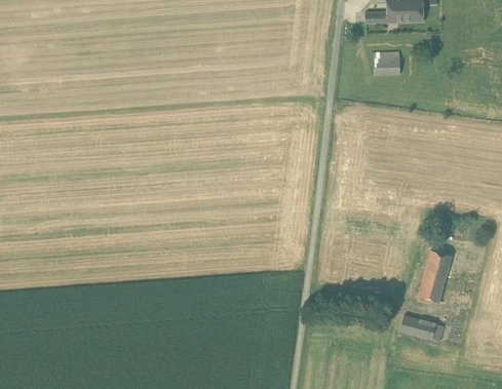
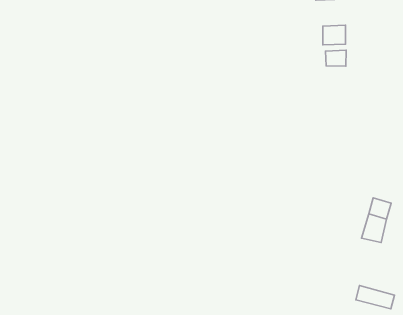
building: none -> [325,50,346,66]
building: [399,315,443,342] -> [356,285,394,309]

